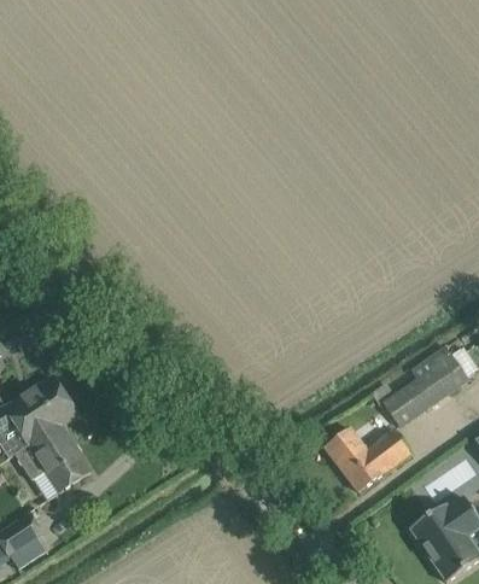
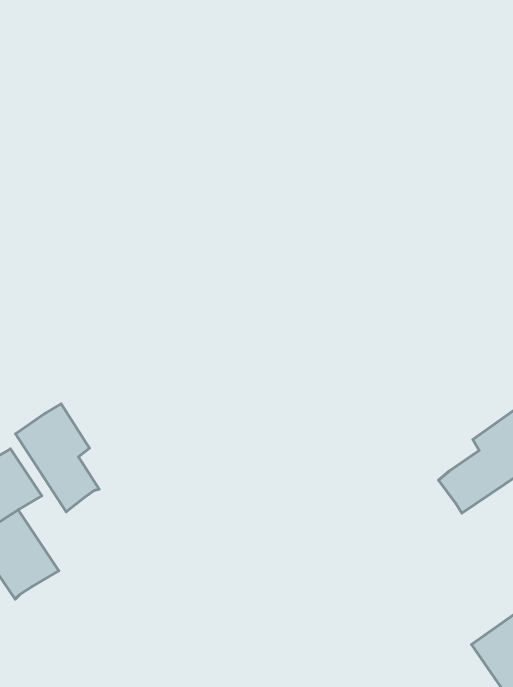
building: none -> [16,404,99,512]
building: [325,426,410,490] -> none

